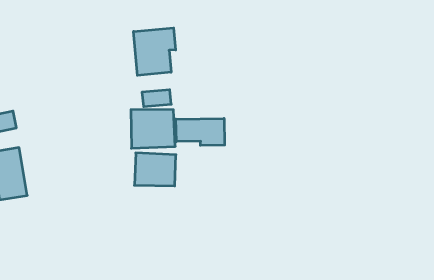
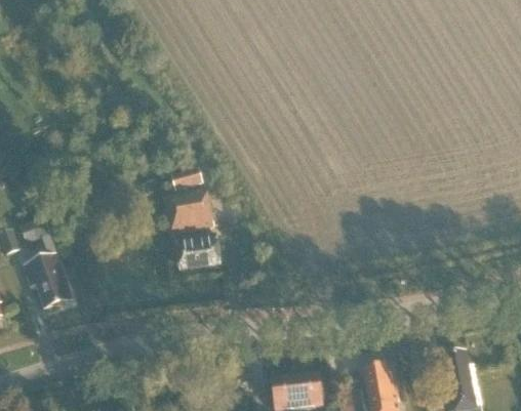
building: [134,28,176,75] -> none
building: [176,118,225,145] -> none

